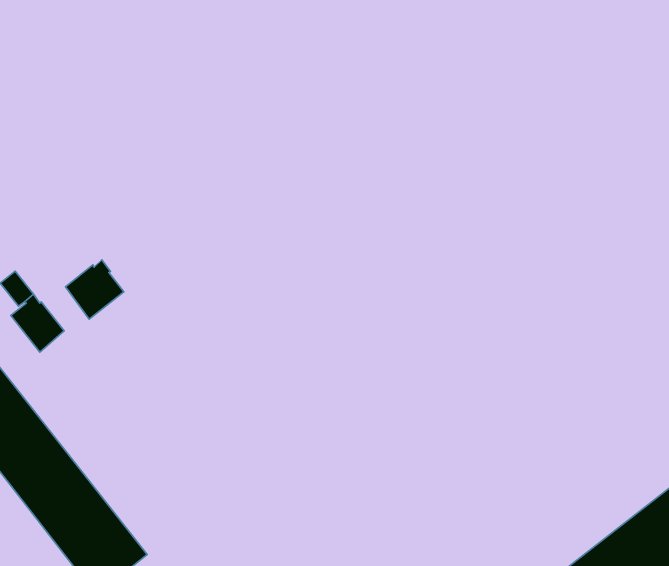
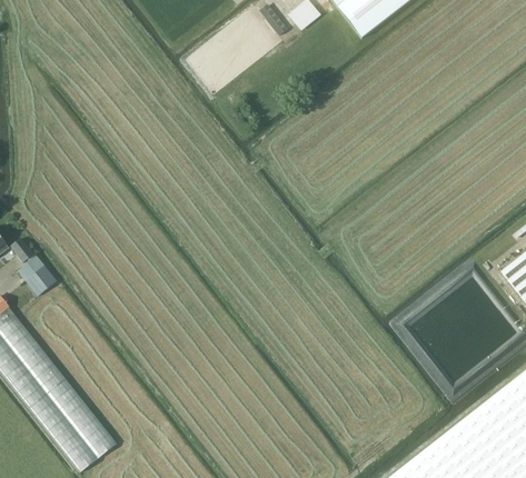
building: [65,260,124,319] -> none

